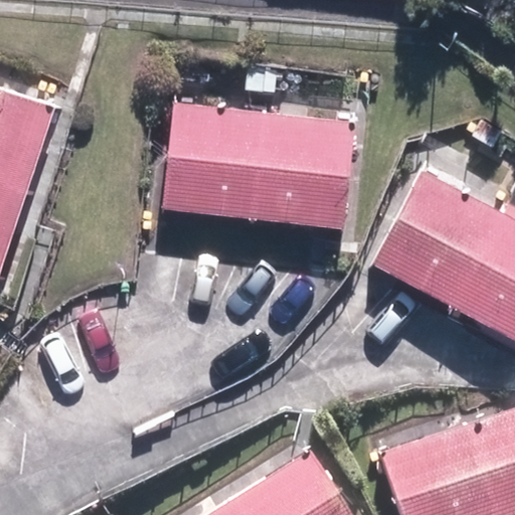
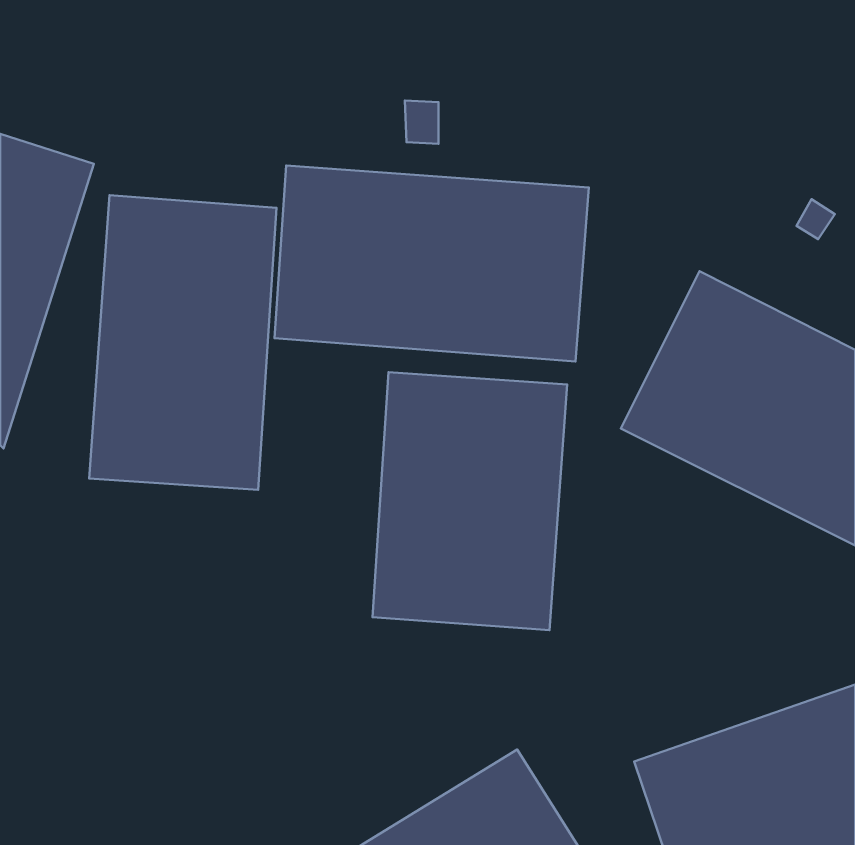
building: none -> [89,195,277,490]
building: none -> [373,372,567,630]

